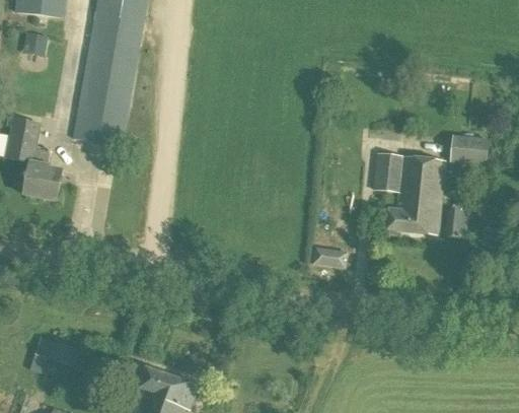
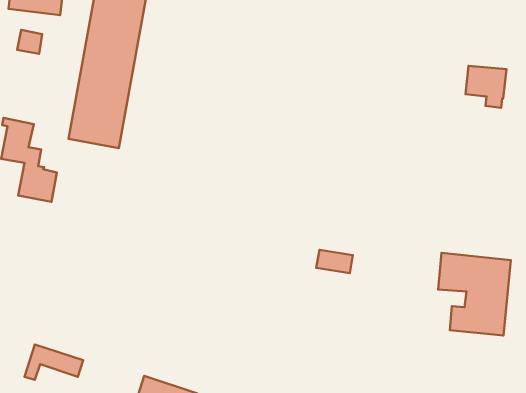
building: [450,135,490,176] -> [465,66,506,108]
building: [375,153,445,233] -> [438,253,511,336]
building: [444,209,468,237] -> none

